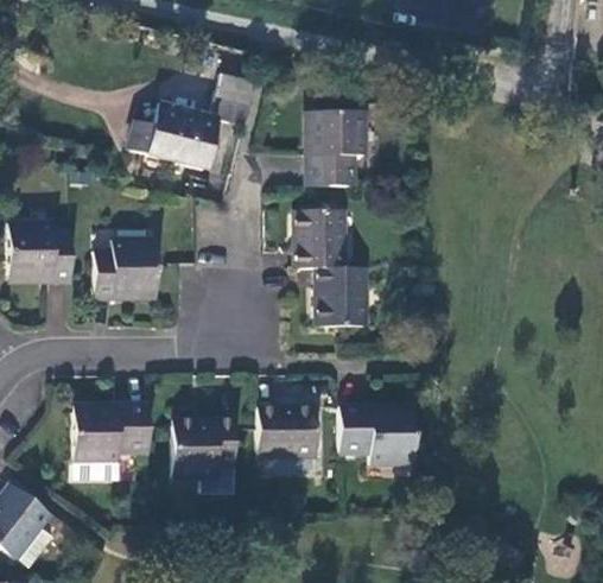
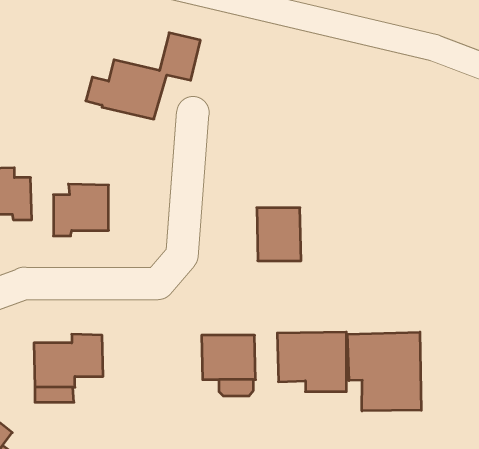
building: [306,109,364,184] -> none
building: [297,209,347,267] -> none
building: none -> [348,332,421,411]
building: [172,418,234,492] -> none

